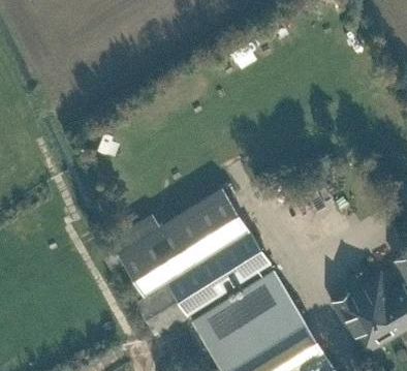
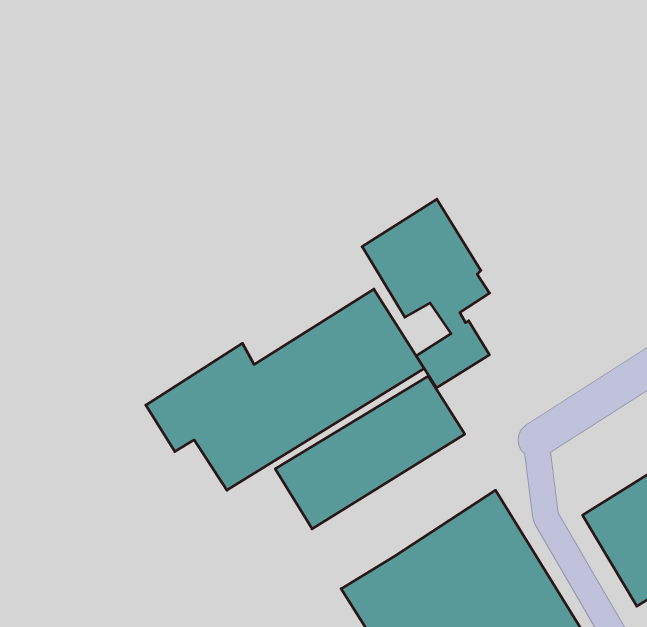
building: none -> [362,199,490,388]
building: [192,271,287,345] -> none

